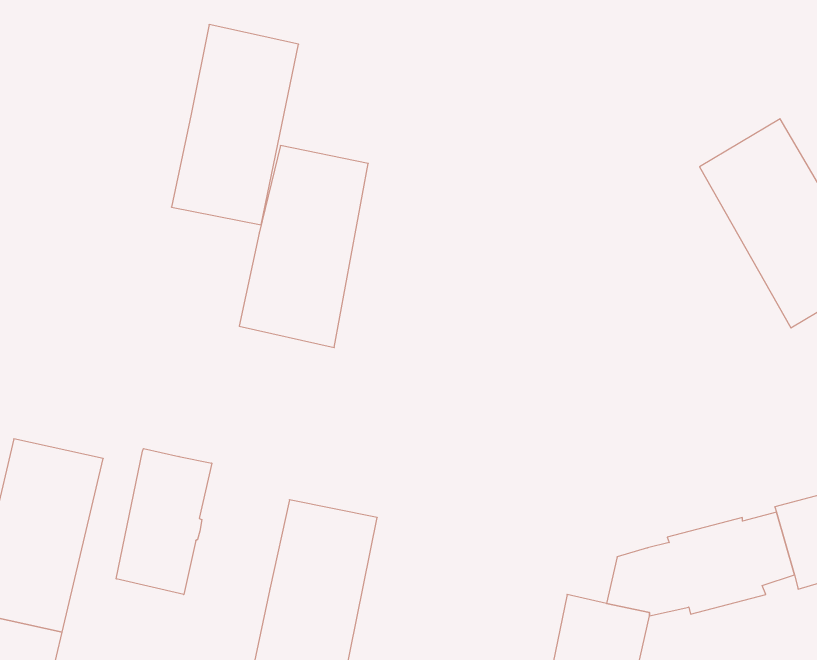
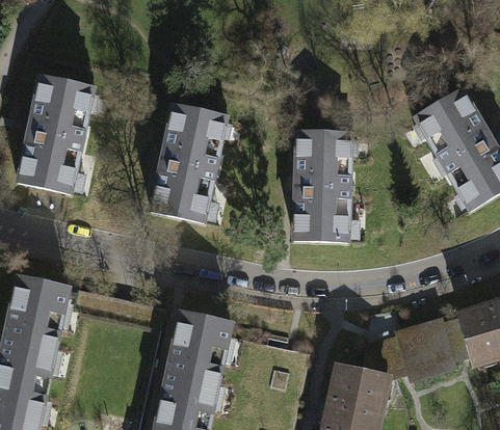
building: [171,25,299,225] -> [18,77,91,193]
building: none -> [295,134,350,240]
building: [116,449,212,595] -> none

